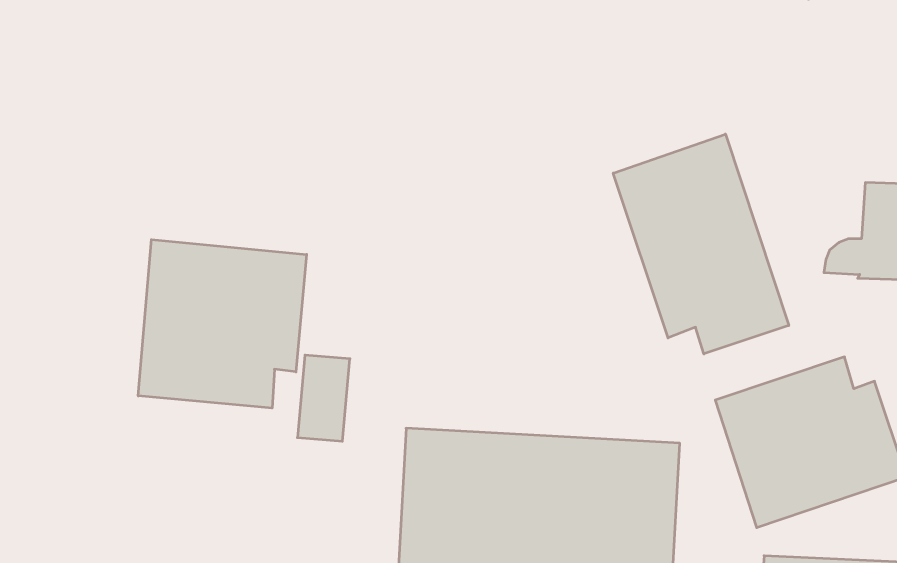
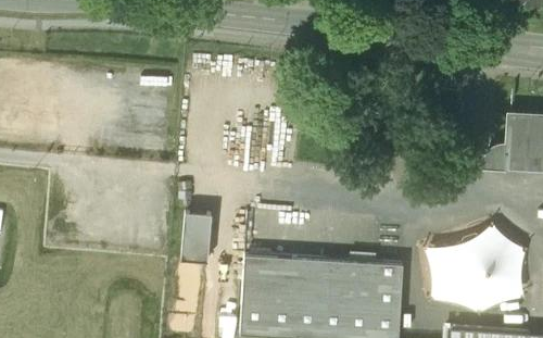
building: [613,134,789,354] -> none
building: [138,240,307,408] -> none

